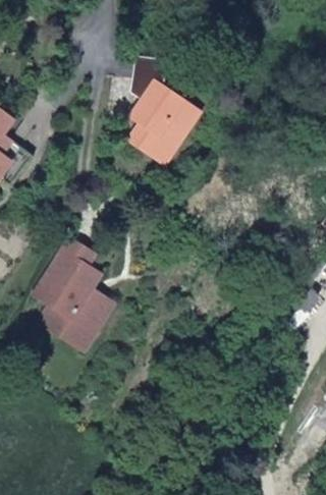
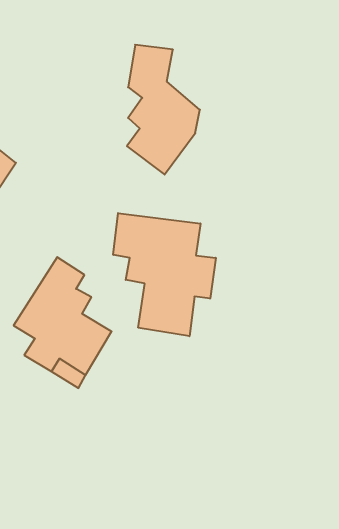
building: none -> [113,213,216,336]

